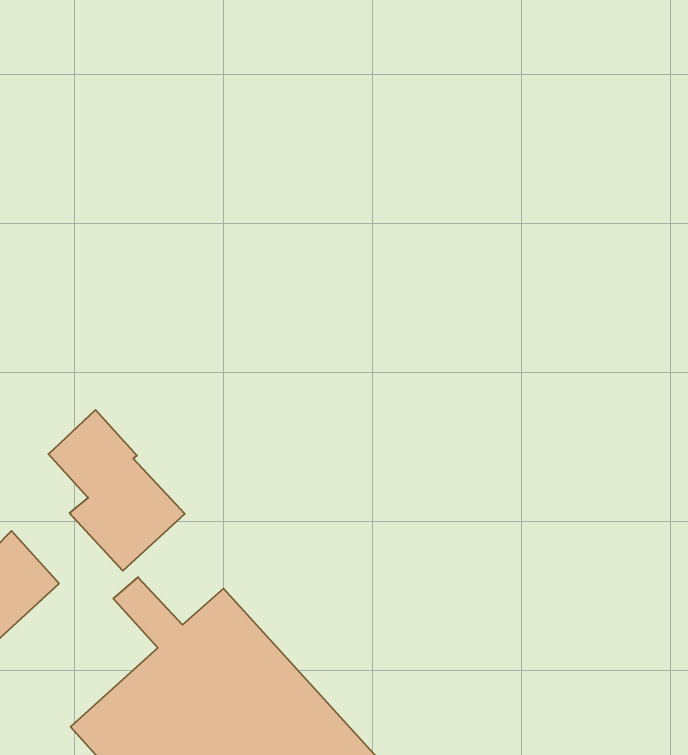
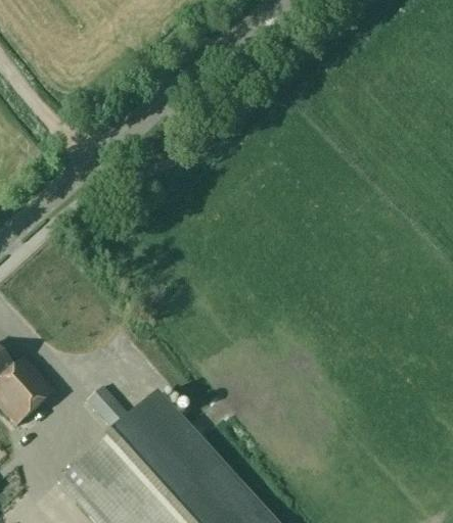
building: [48,410,185,571] -> none

